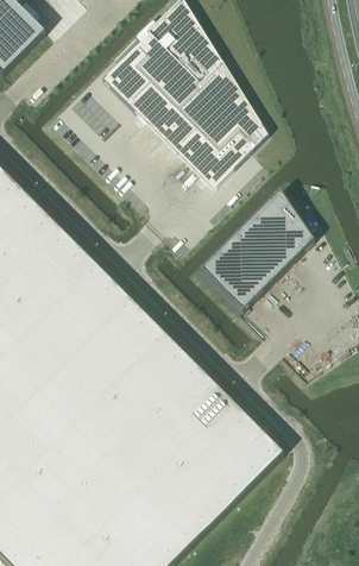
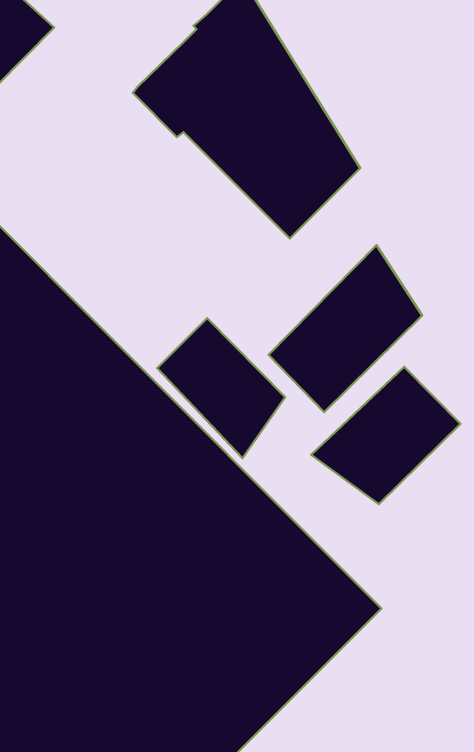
building: none -> [157,318,285,458]
building: none -> [311,367,461,504]

